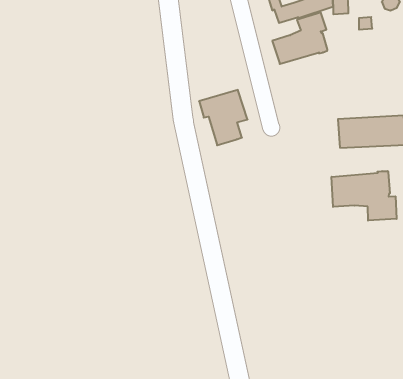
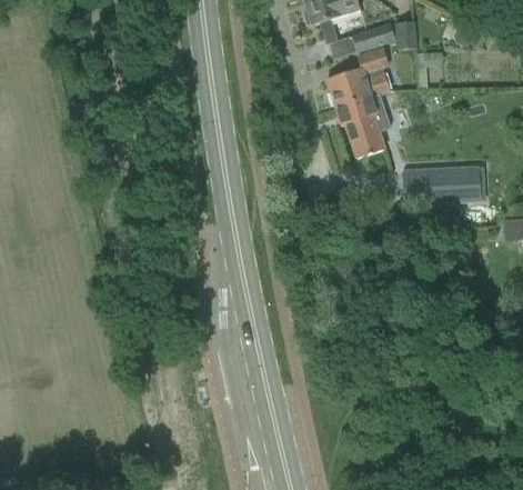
building: [199,90,248,145] -> [335,92,392,157]
building: [332,171,397,221] -> none

